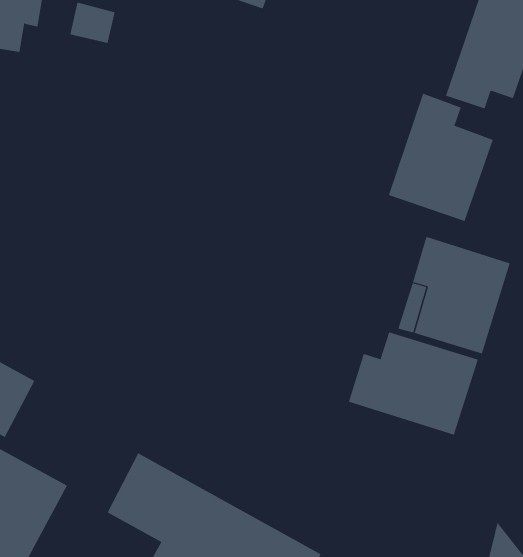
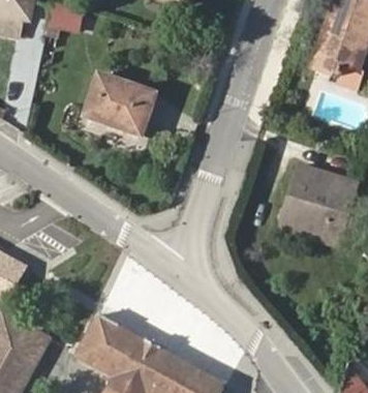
building: [388,93,494,222] -> none
building: none -> [85,74,155,135]
building: [348,331,478,435] -> none

